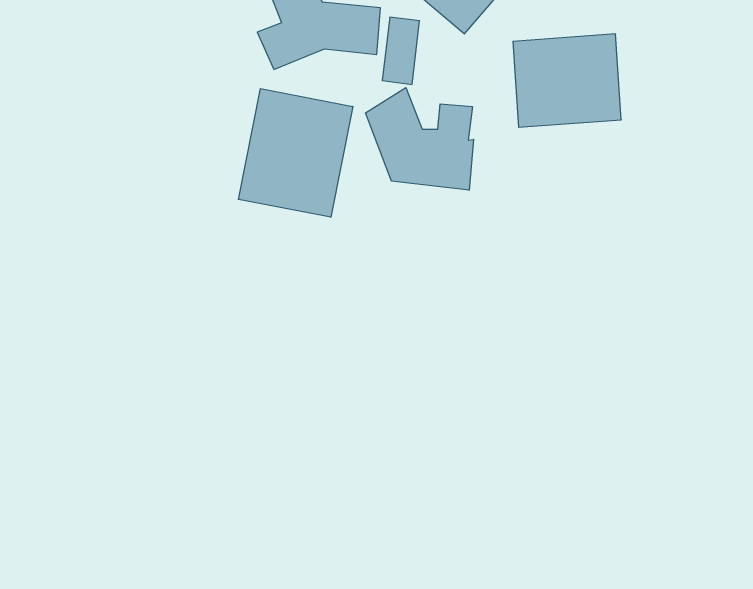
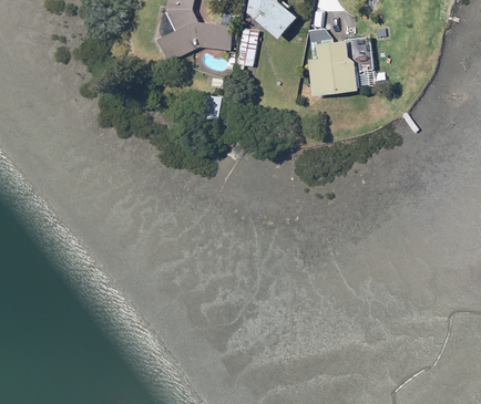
building: [365,88,474,190] -> none
building: [238,89,353,217] -> none

